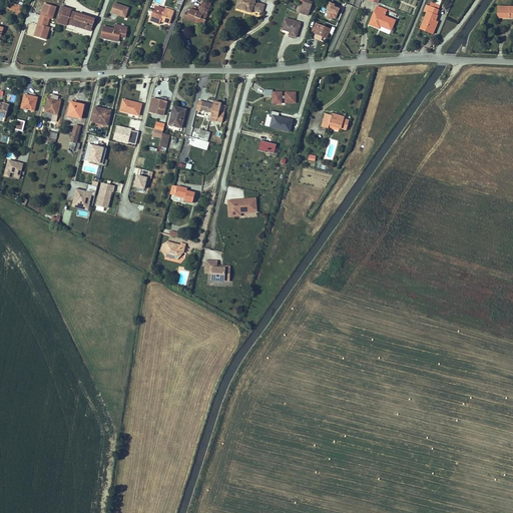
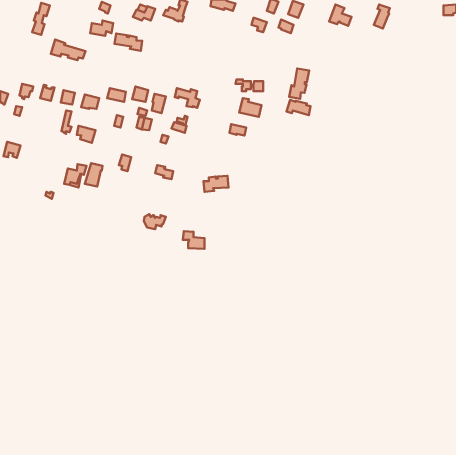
building: [56,5,95,28] -> [51,40,86,60]
building: none -> [114,33,142,51]
building: none -> [289,68,309,99]

